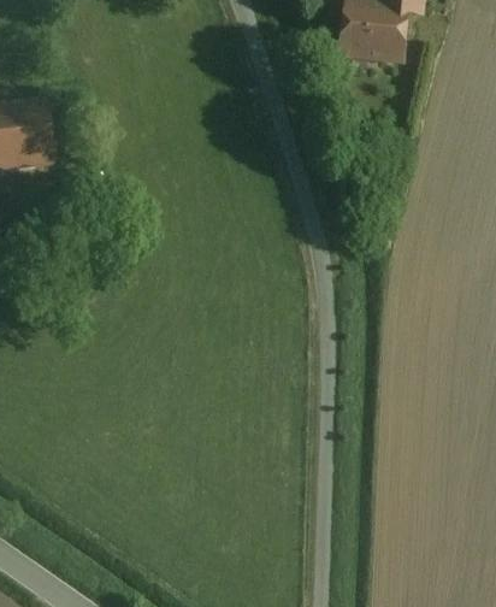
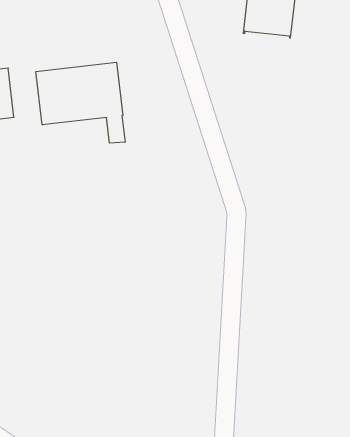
building: none -> [36,62,125,143]

